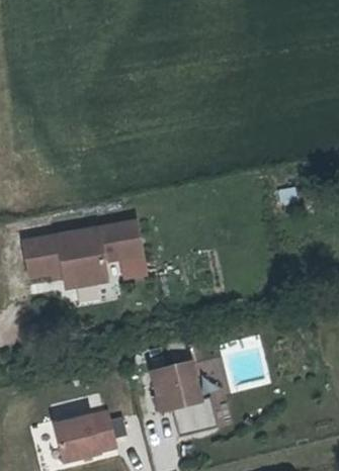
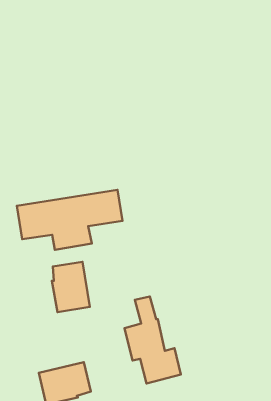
building: none -> [52,262,90,312]

